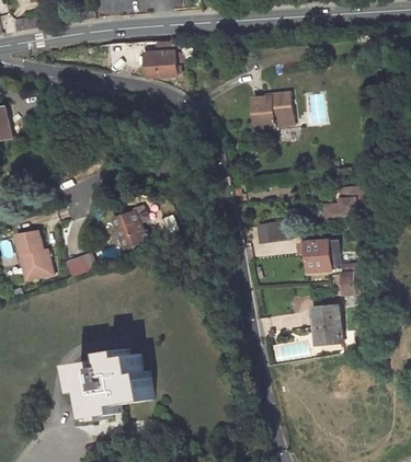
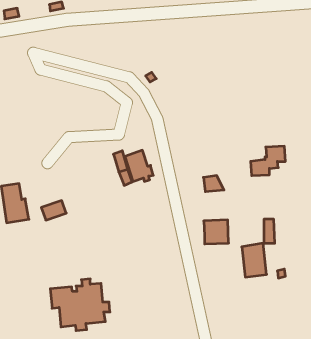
building: [147,51,178,78] -> none
building: [248,93,288,128] -> none
building: [113,209,148,247] -> [125,150,153,181]
building: [304,241,334,270] -> [204,220,229,244]

